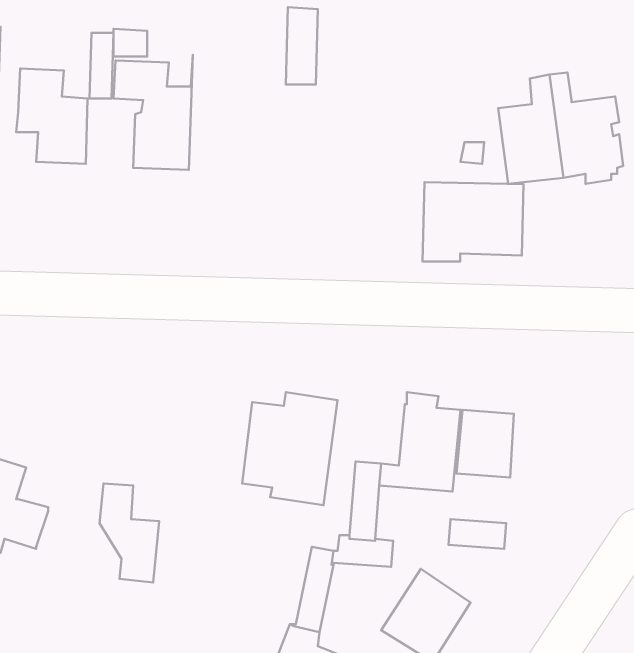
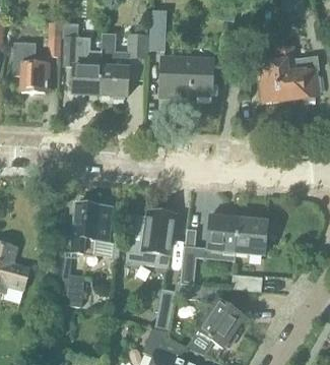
building: none -> [100,22,147,96]
building: [423,182,524,261] -> [161,58,213,99]
building: none -> [72,202,114,255]

